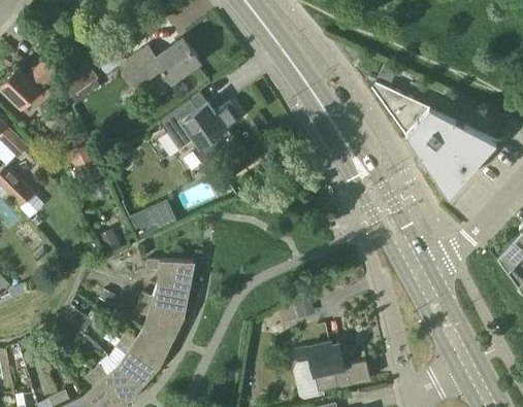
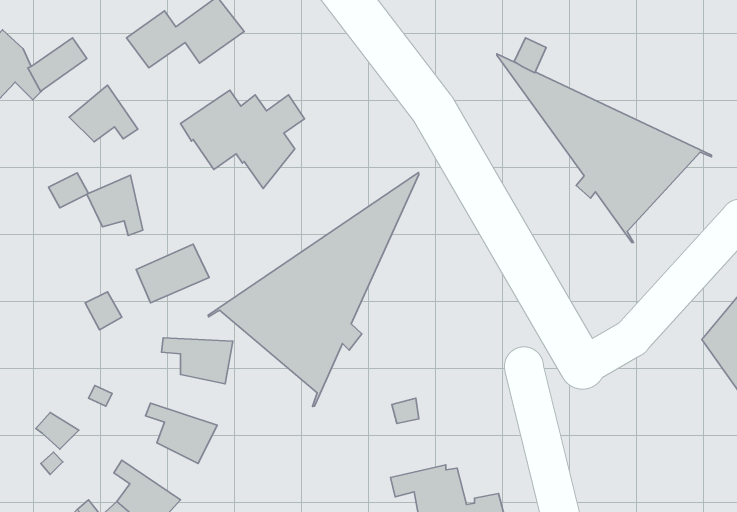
building: none -> [69,85,138,142]
building: none -> [208,173,419,407]
building: none -> [87,175,143,236]
building: [139,283,188,316] -> none
building: [121,328,170,365] -> none

